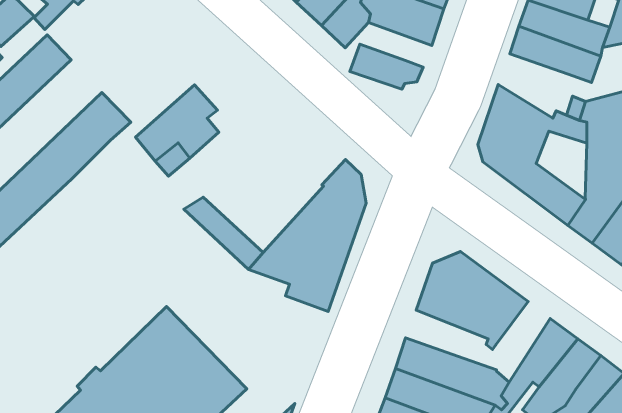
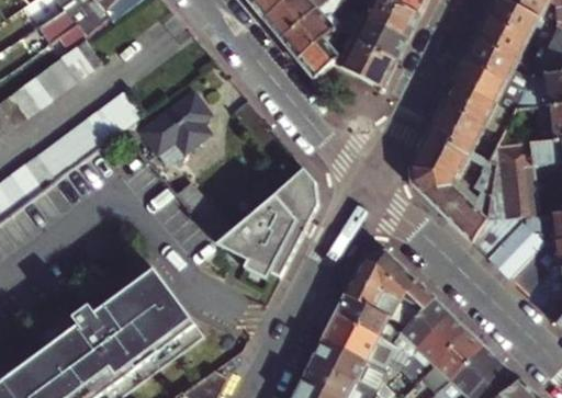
building: [350,44,423,89] -> none
building: none -> [432,101,488,156]
building: none -> [403,297,450,359]
building: none -> [335,293,400,336]

